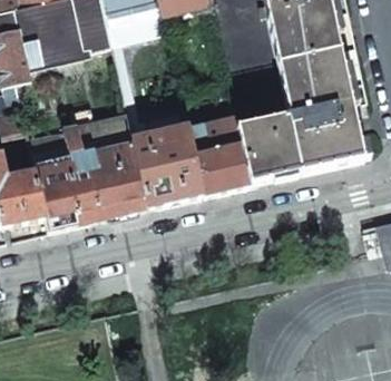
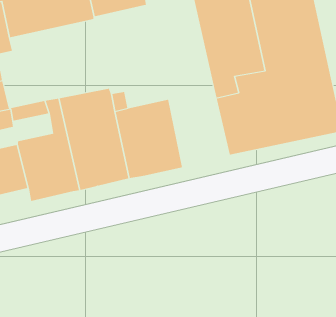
building: [189,117,251,196] -> none

